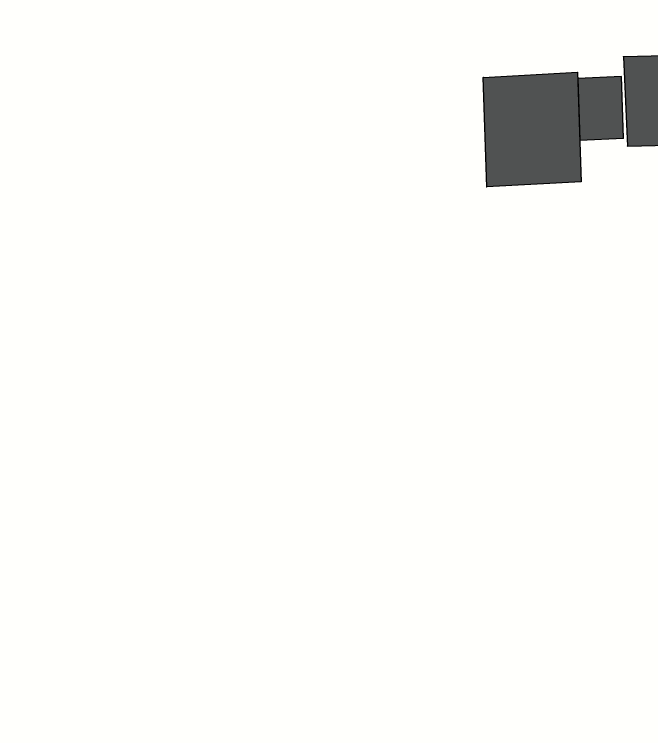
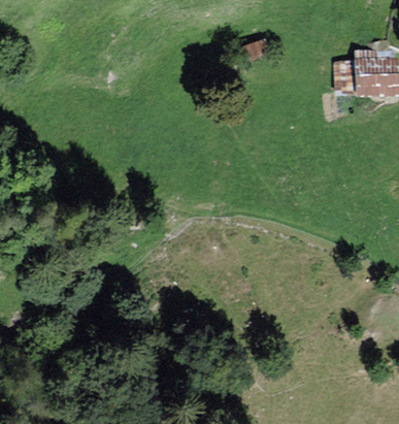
building: [483,72,581,187] -> none

